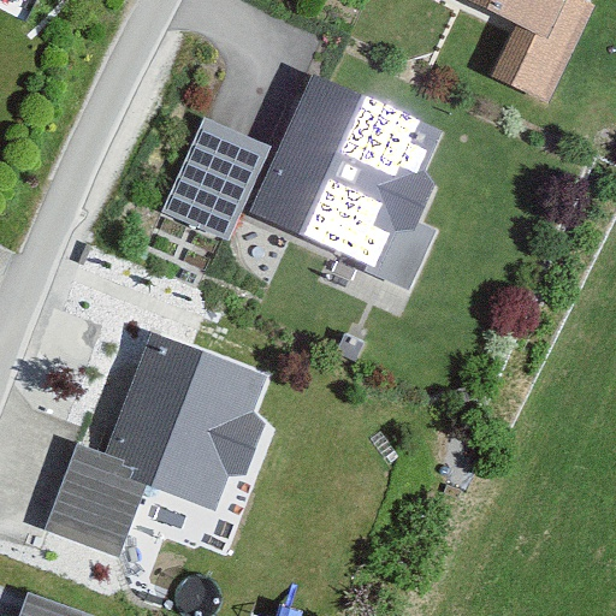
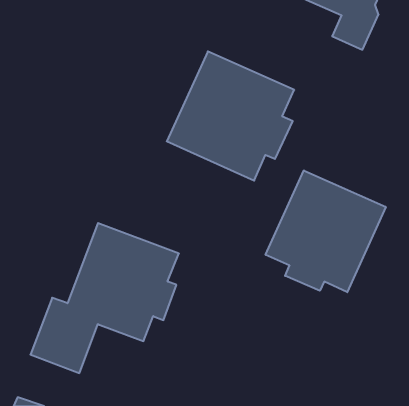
building: [164,120,266,238] -> none
building: none -> [266,170,386,292]

